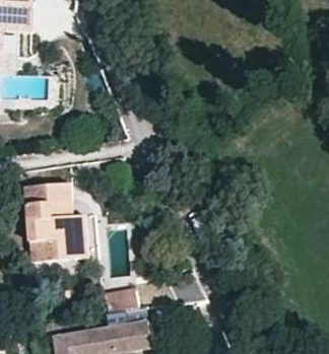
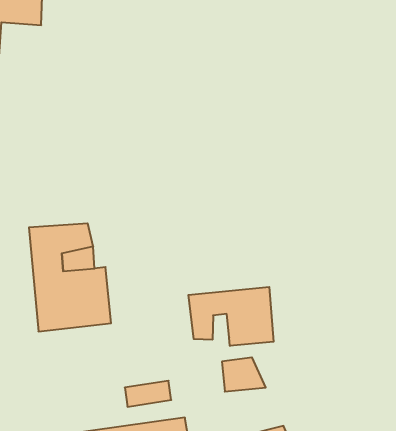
building: none -> [188,287,274,346]

